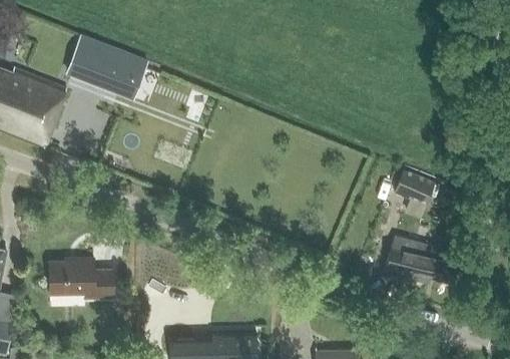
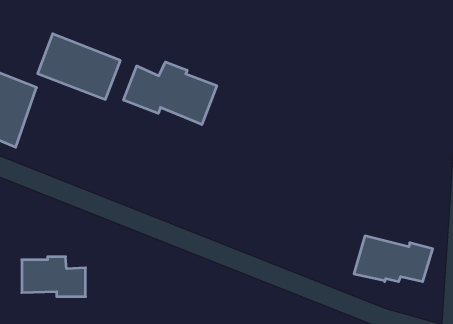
building: none -> [124,62,217,125]
building: [393,163,434,207] -> none

